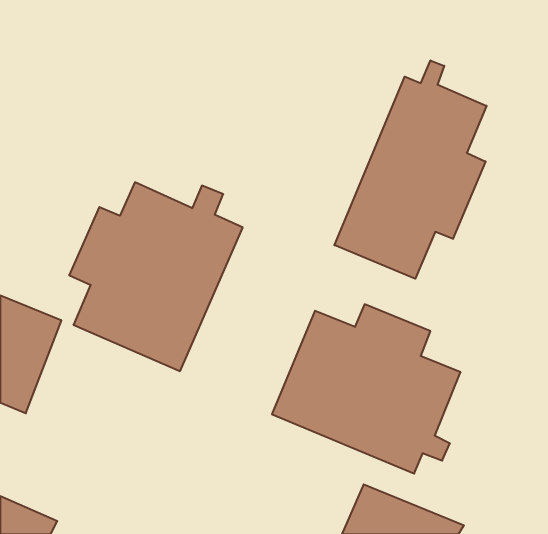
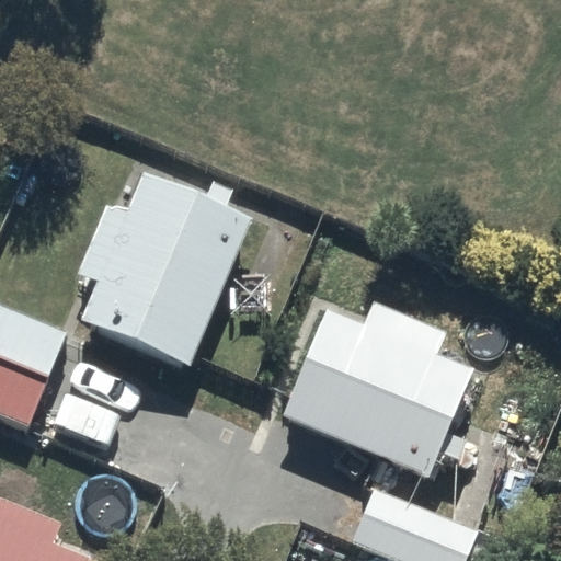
building: [334,60,487,279] -> none

